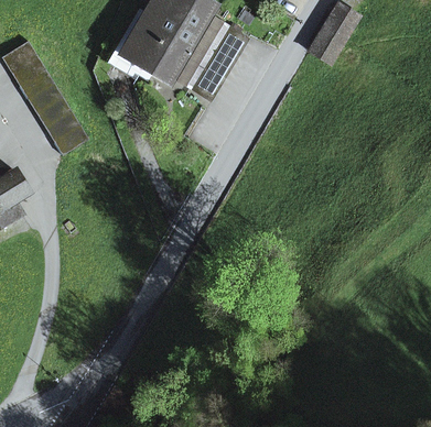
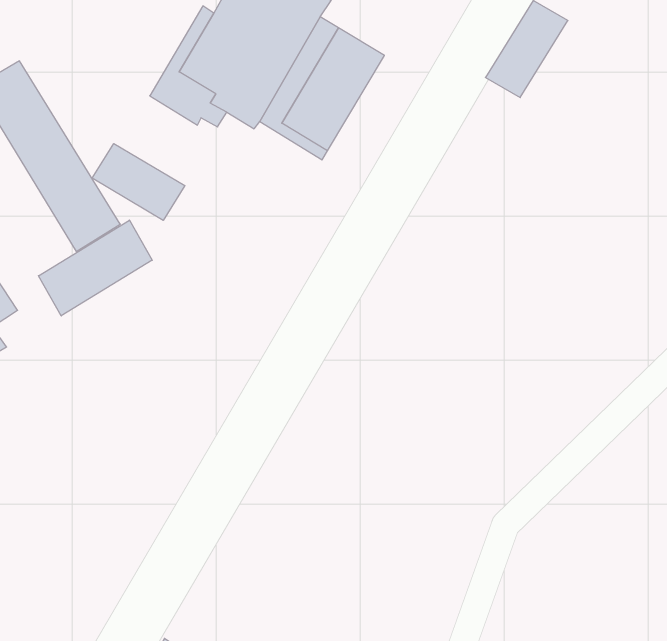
building: none -> [92,144,185,220]
building: none -> [38,220,152,316]

